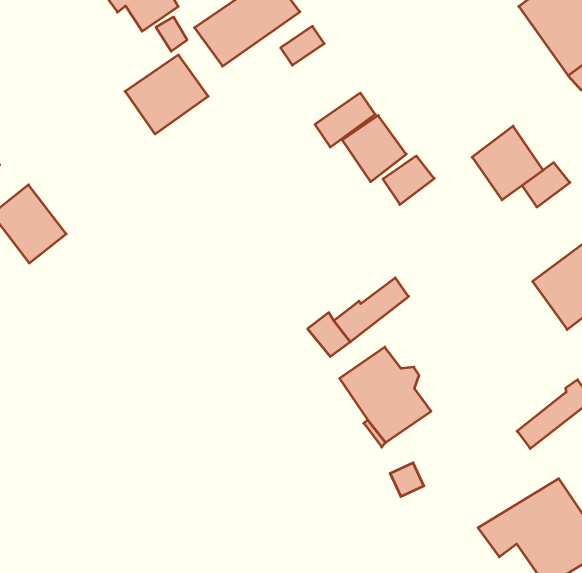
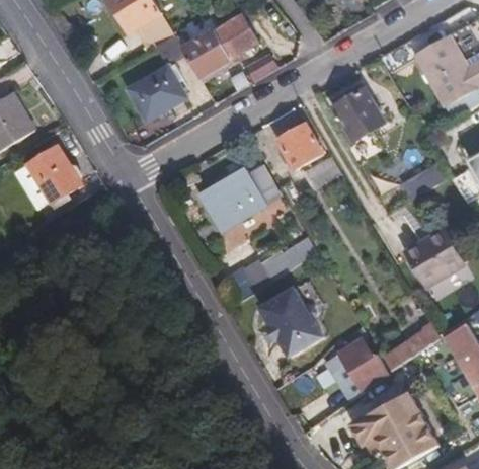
building: [472,126,543,200] -> [335,86,385,138]
building: none -> [195,168,263,231]
building: none -> [336,333,387,400]

